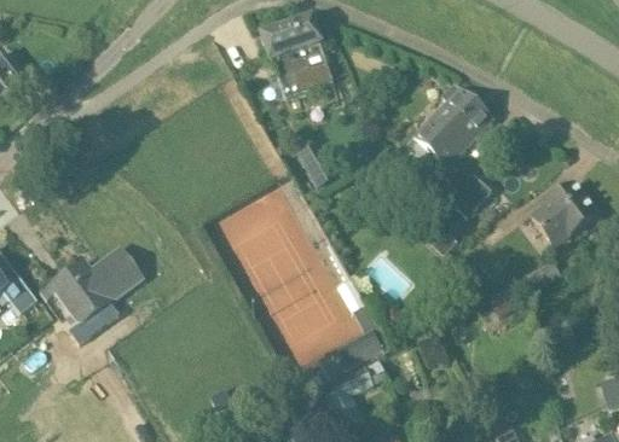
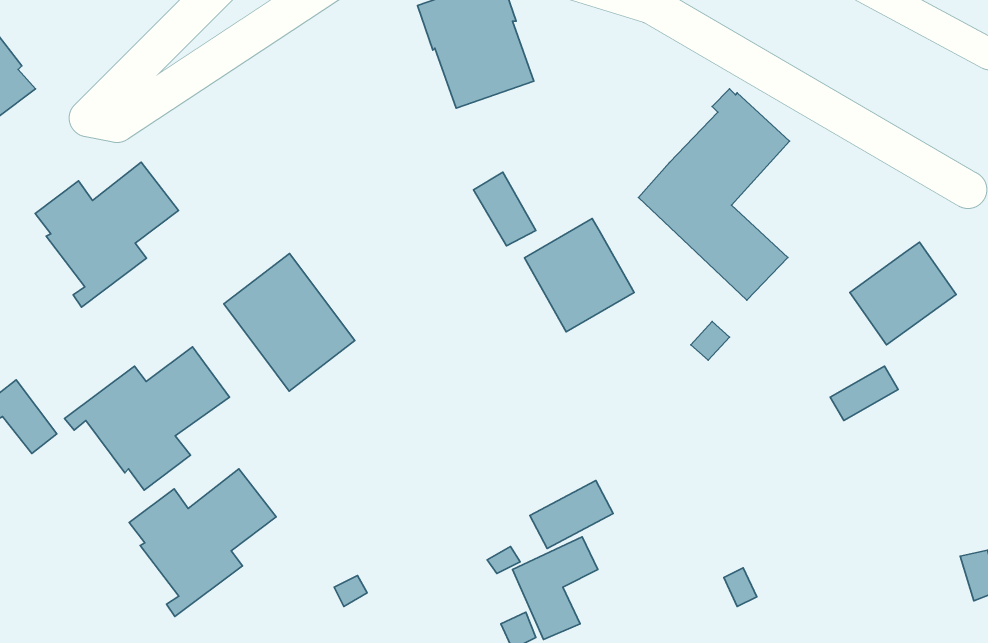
building: none -> [35,162,178,307]
building: none -> [524,219,634,332]
building: none -> [224,253,355,391]
building: none -> [129,469,276,617]

